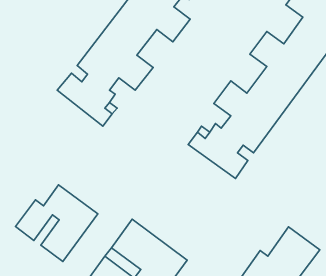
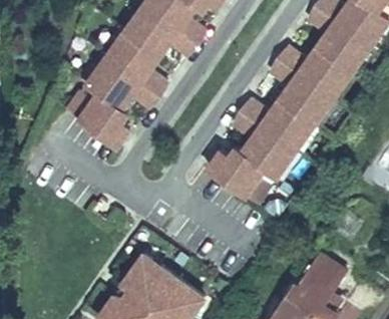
building: [15,185,98,262] -> none

